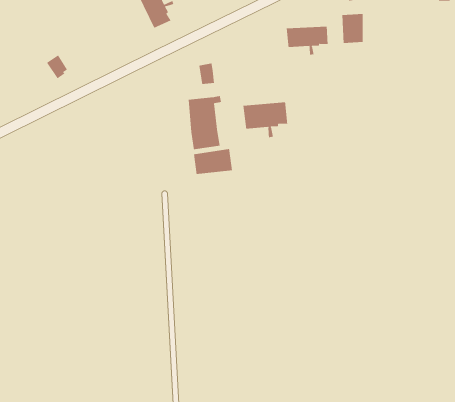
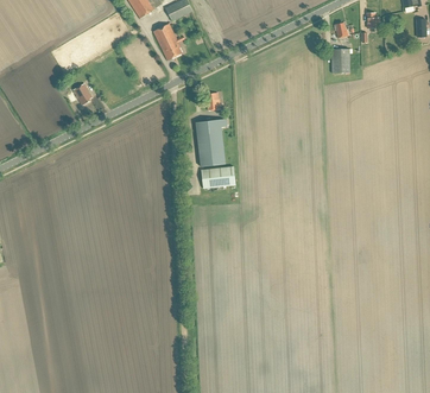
building: [286,26,328,55] -> none
building: [243,102,288,138] -> none

